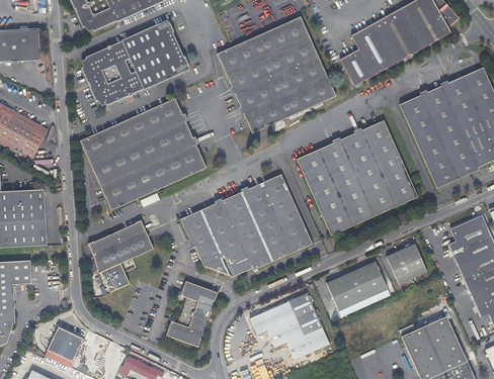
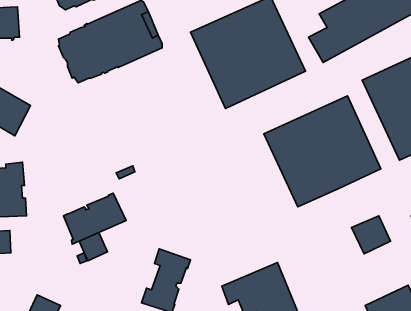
building: [80,98,205,209] -> none
building: [178,173,311,278] -> none
building: [325,261,386,310] -> none

